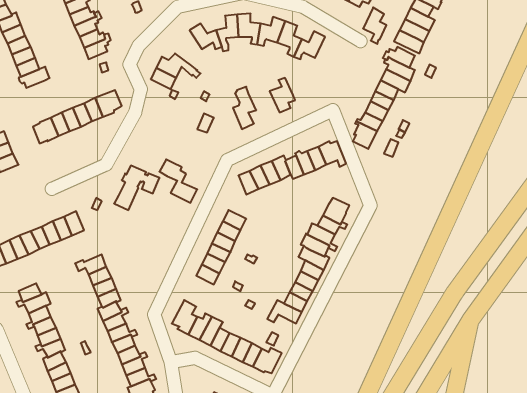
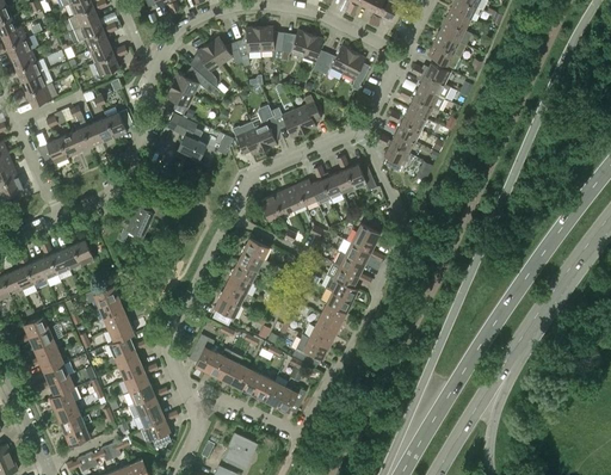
building: [363,7,386,44] -> [342,51,368,91]
building: none -> [191,44,221,87]
building: none -> [271,109,304,138]
building: none -> [233,122,264,155]
building: [159,159,197,203] -> [166,113,206,160]

